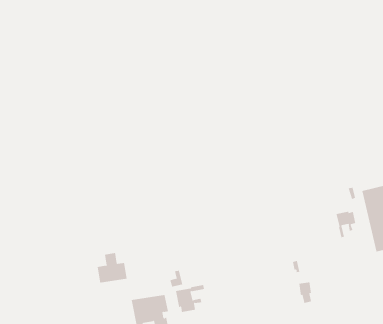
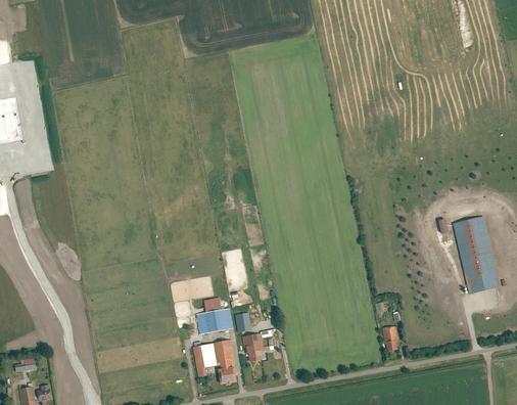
building: [336,211,356,238] -> none
building: [97,253,128,283] -> [197,298,232,332]

